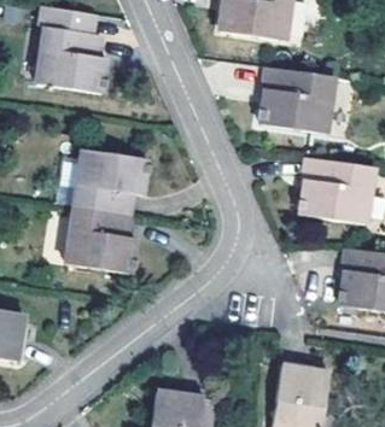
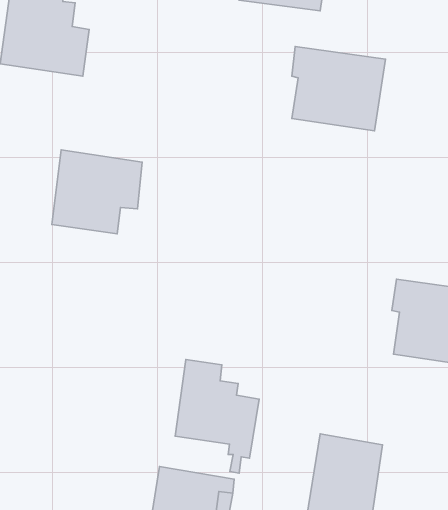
building: [299,158,373,224] -> none
building: [68,205,136,271] -> none
building: none -> [175,359,259,473]

